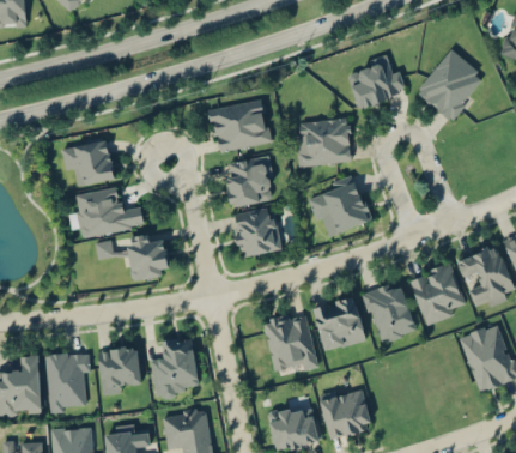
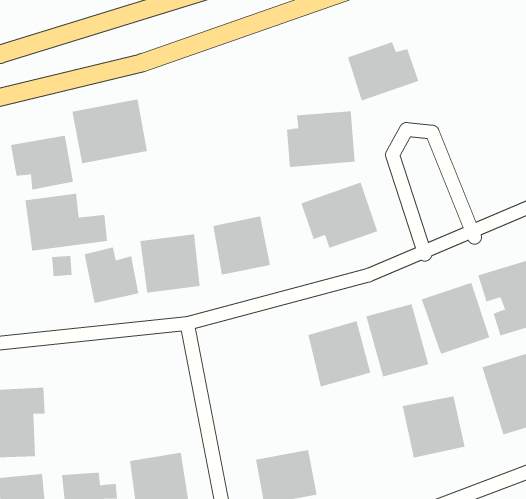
building: [414,48,482,123] -> none
building: [207,98,272,153] -> [72,99,148,164]
building: [224,157,275,207] -> [140,234,200,293]
building: [262,312,318,376] -> none
building: [150,337,199,397] -> none
building: [97,345,142,393] -> none
building: [318,387,372,440] -> [402,396,466,458]

